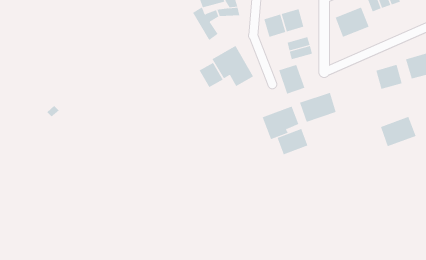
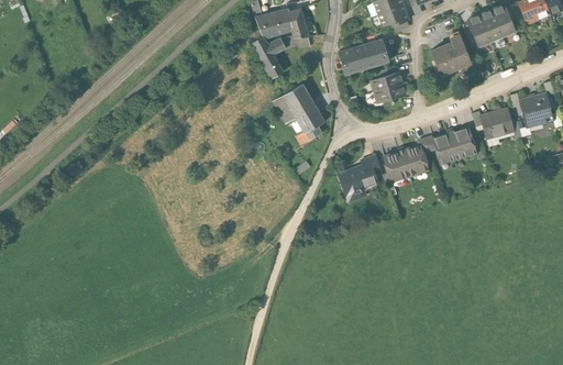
building: [199,62,224,88] -> none
building: [279,64,305,94] -> none
building: [380,116,417,147] -> [433,125,479,164]
building: [277,128,308,155] -> none

